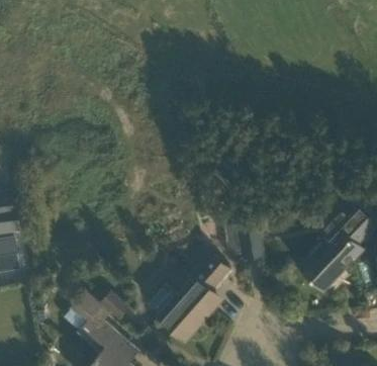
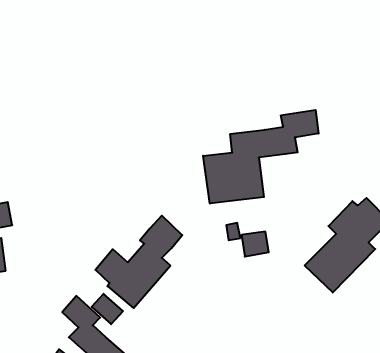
building: none -> [203,110,319,204]
building: [149,254,229,340] -> [95,216,182,308]

